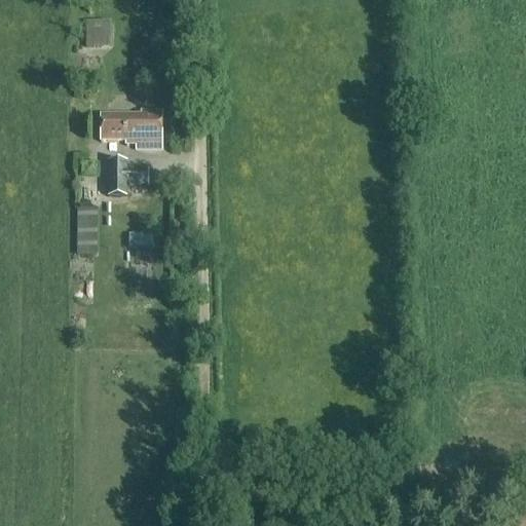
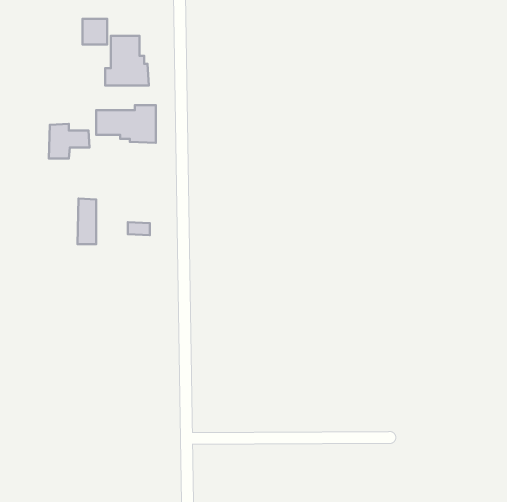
building: none -> [105,36,149,85]
building: [106,159,148,195] -> [49,124,90,158]

